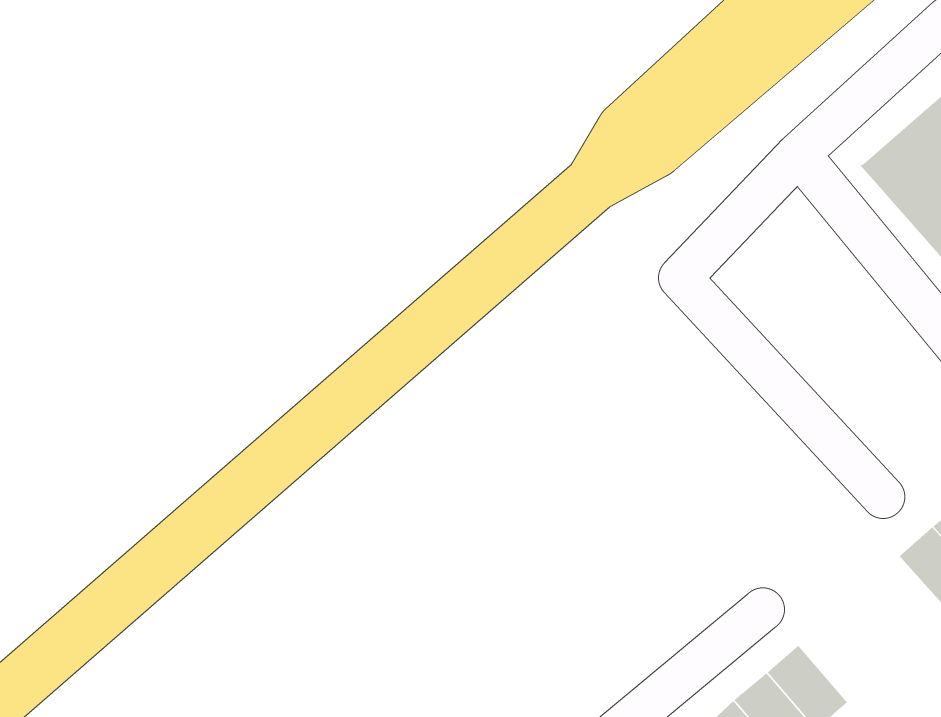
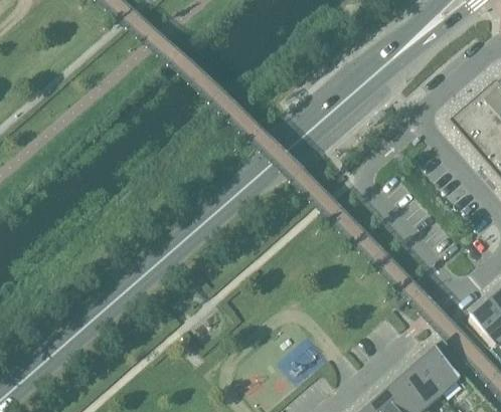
building: none -> [419,348,461,391]

